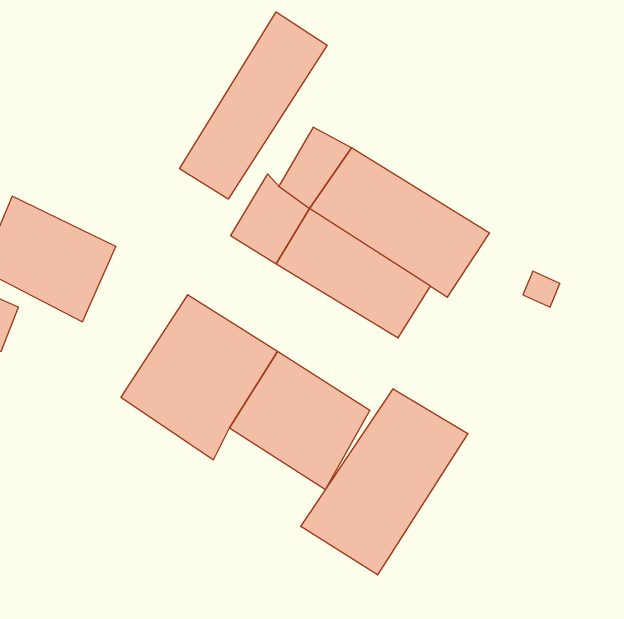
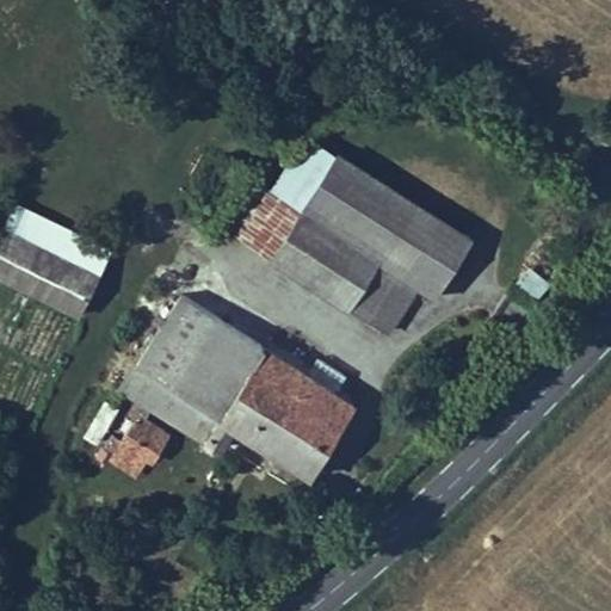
building: [180,12,327,199] -> none
building: [301,389,468,575] -> none
building: none -> [117,416,171,470]

